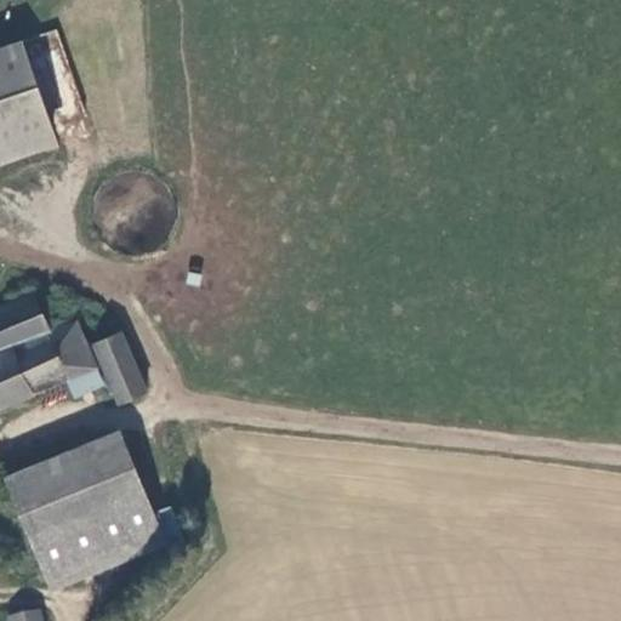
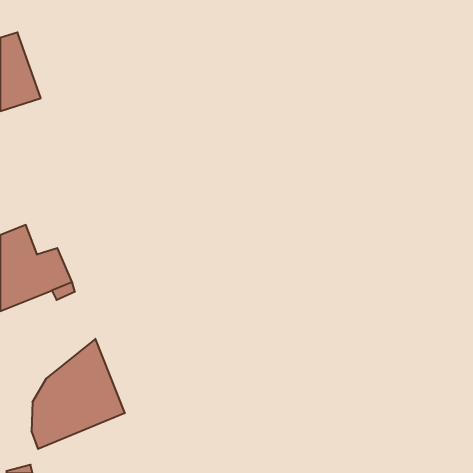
building: [92,330,146,404] -> none
building: [8,437,125,565] -> none

